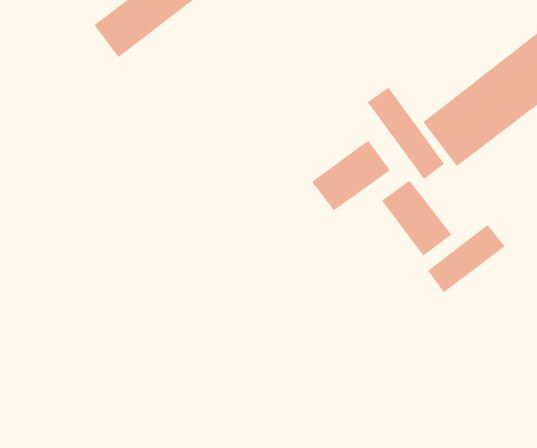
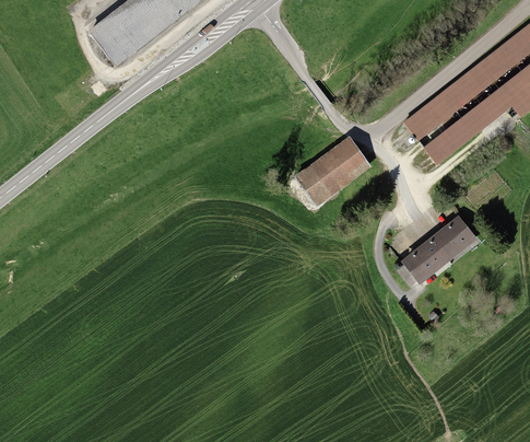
building: [367,87,445,180] -> none
building: [381,180,452,257] -> none

